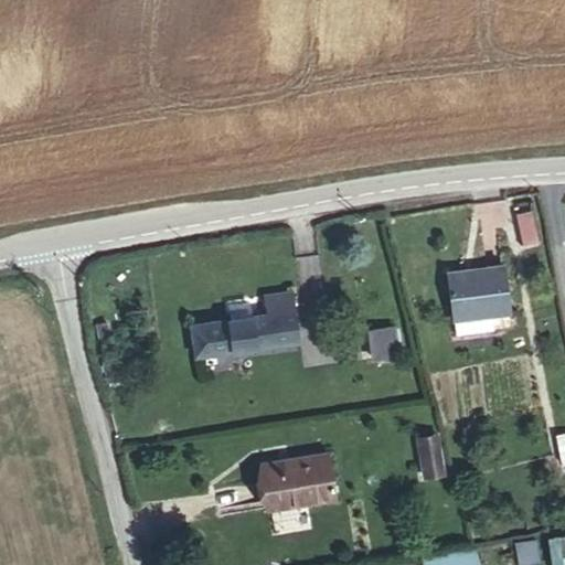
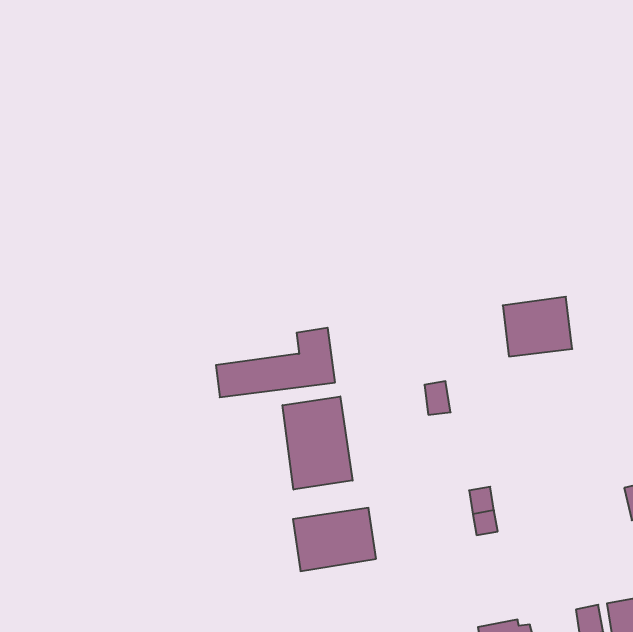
building: none -> [283,396,353,490]

